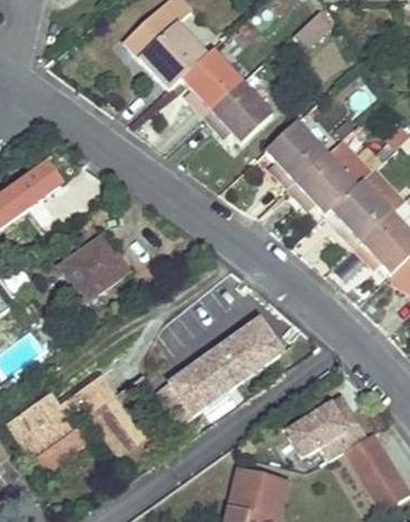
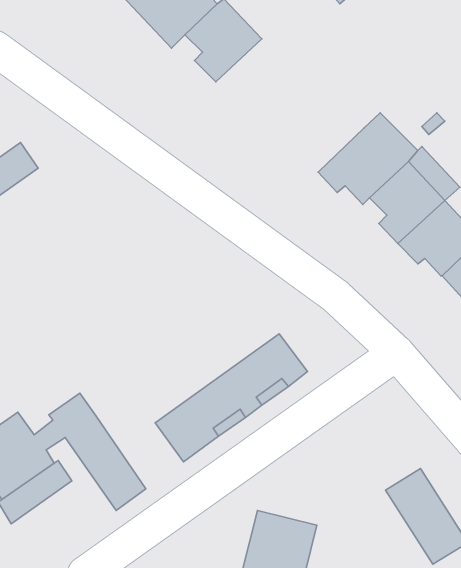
building: [206,78,273,140] -> none
building: [265,118,327,187] -> none
building: [58,231,130,301] -> none
building: [289,394,367,457] -> none

